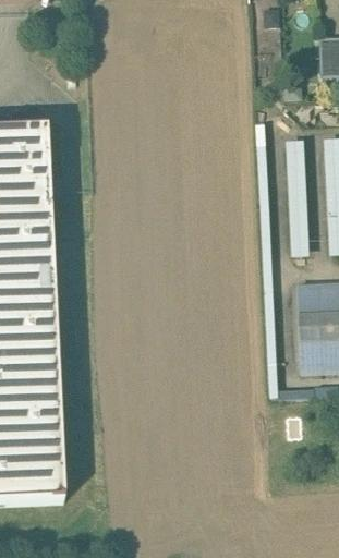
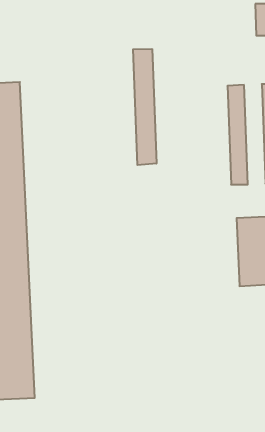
building: none -> [133,49,156,165]

